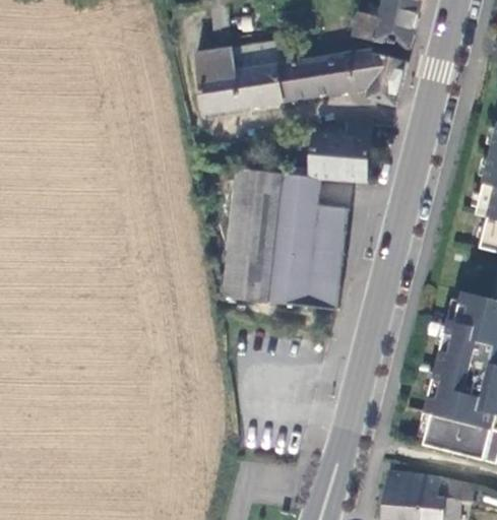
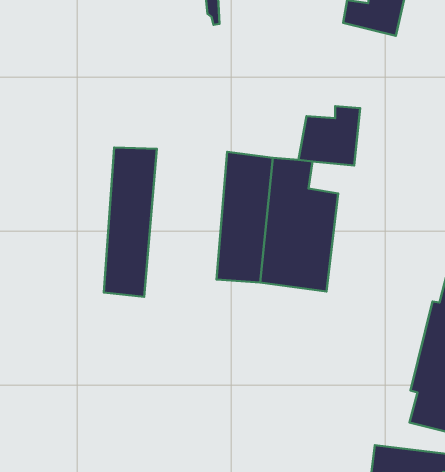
building: [197,41,405,115] -> none
building: none -> [104,147,157,297]

